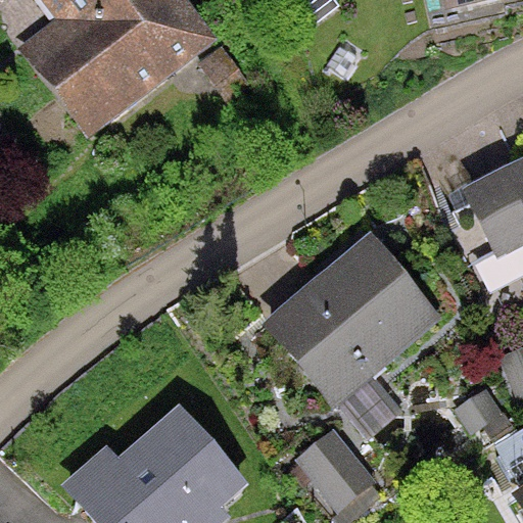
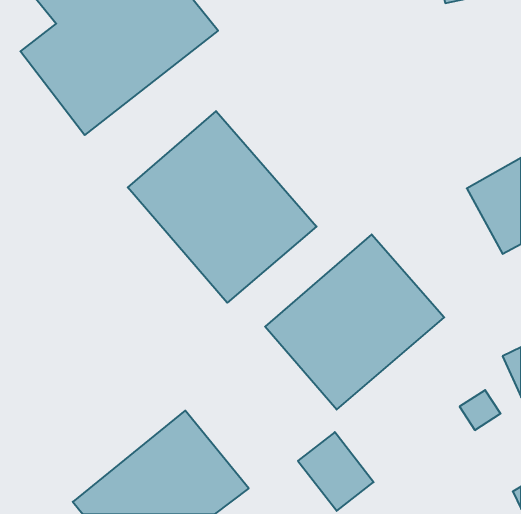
building: none -> [128,111,317,303]

